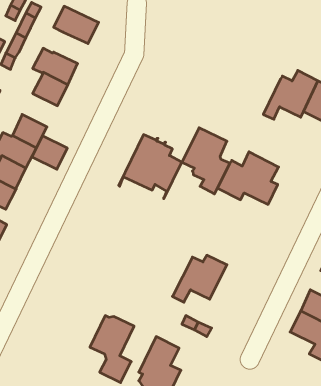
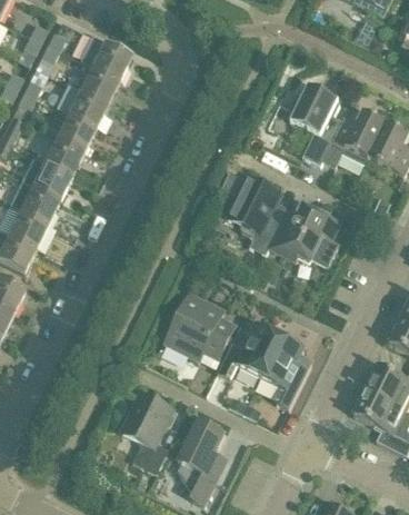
building: none -> [79,67,119,103]
building: none -> [289,85,342,166]
building: [119,135,182,199] -> [161,294,235,368]
building: [32,136,67,169] -> [42,138,83,177]
building: none -> [260,337,311,409]

